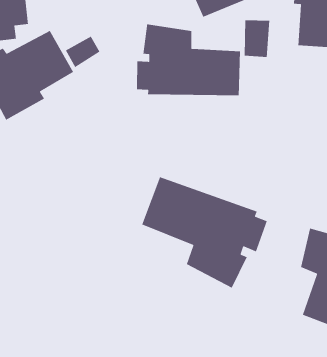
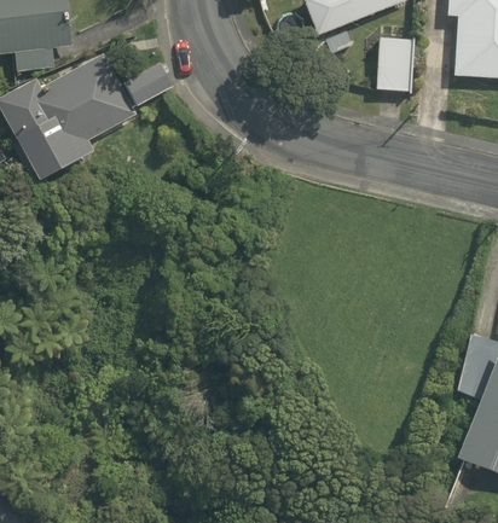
building: [136,24,241,96] -> none
building: [141,176,268,289] -> none

